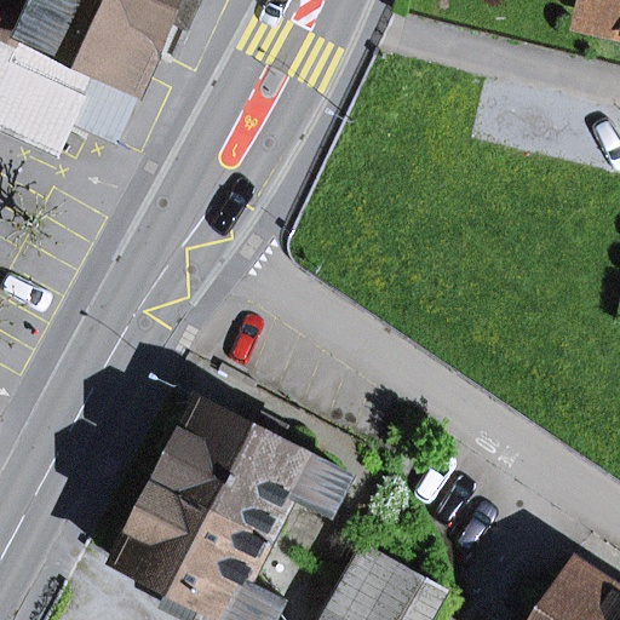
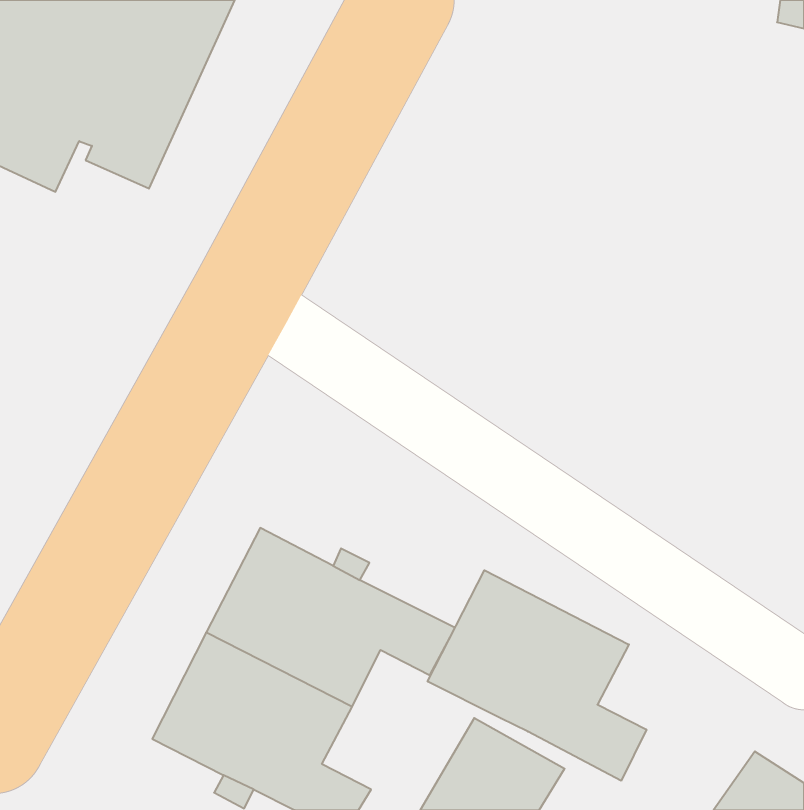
building: none -> [428,570,646,781]

